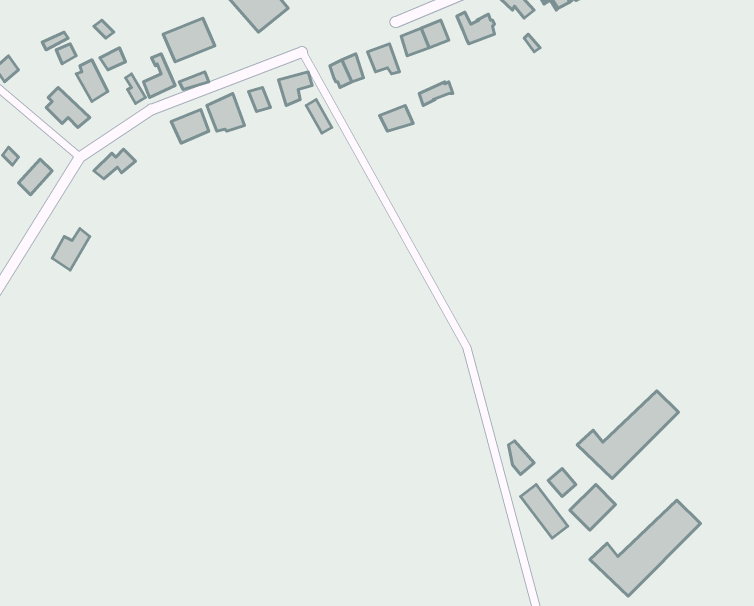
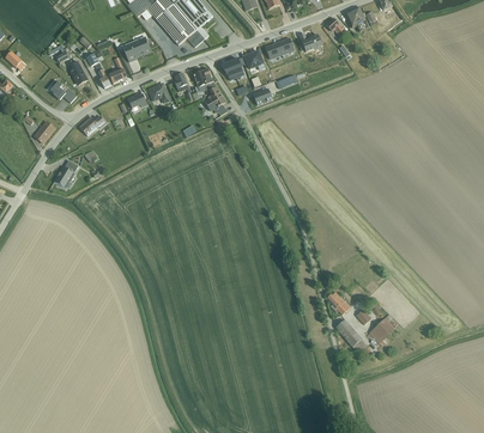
building: [577,391,679,478] -> none
building: [590,500,701,596] -> none

